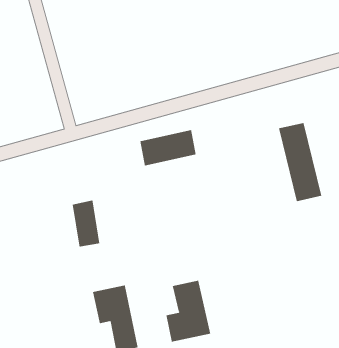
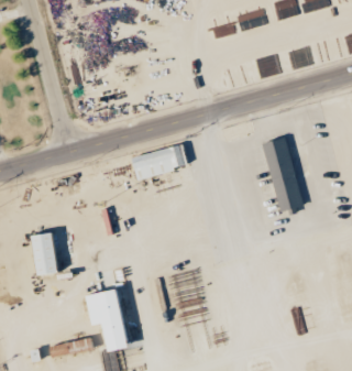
building: [72,200,100,247] -> [33,231,59,275]
building: [166,280,211,342] -> none

